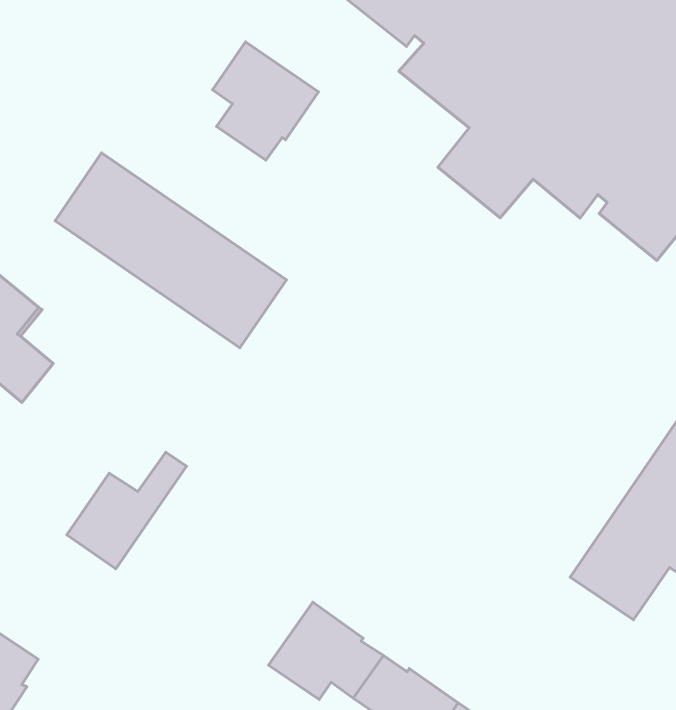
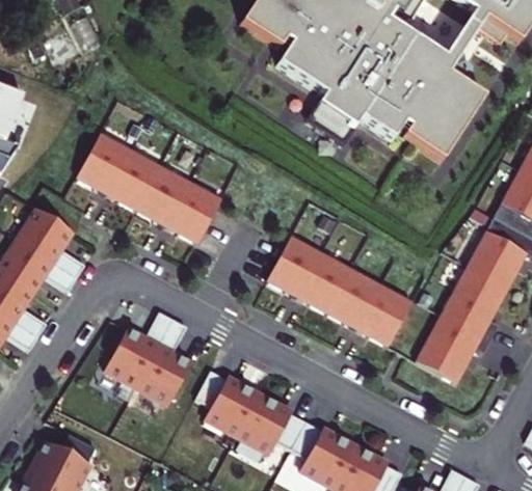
building: [212,42,318,160] -> none
building: none -> [266,236,411,346]
building: none -> [136,319,190,404]
building: none -> [195,370,259,435]

